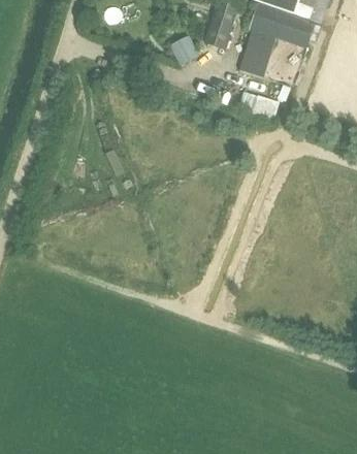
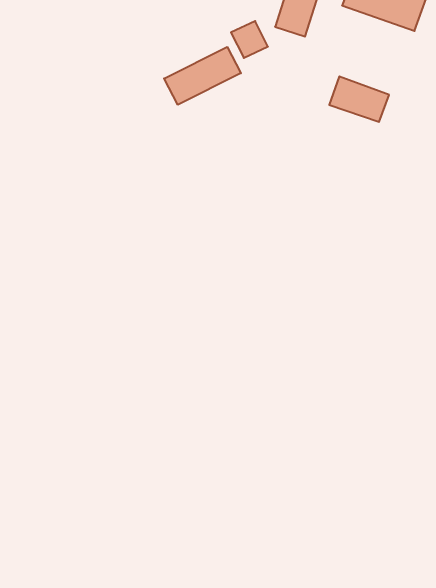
building: [242,33,271,75] -> none
building: none -> [164,47,241,105]

